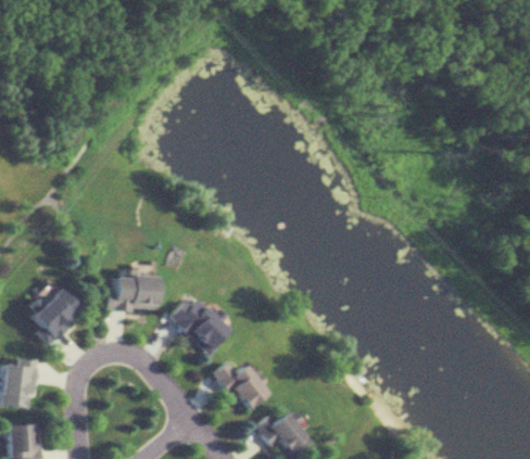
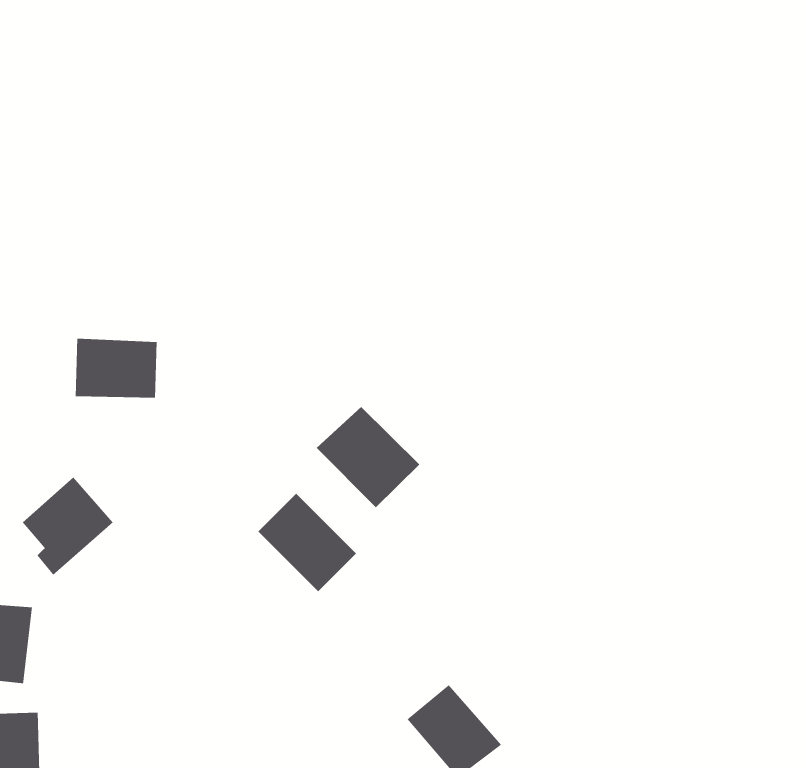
building: none -> [316,406,420,508]
building: [109,275,157,310] -> [75,338,158,399]
building: [213,361,266,406] -> none

